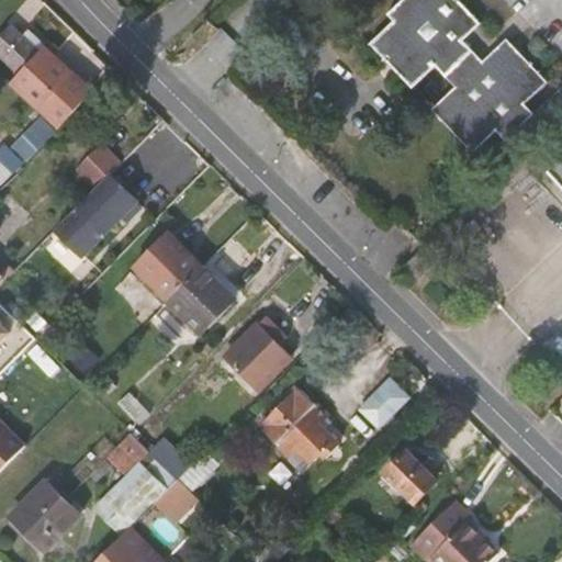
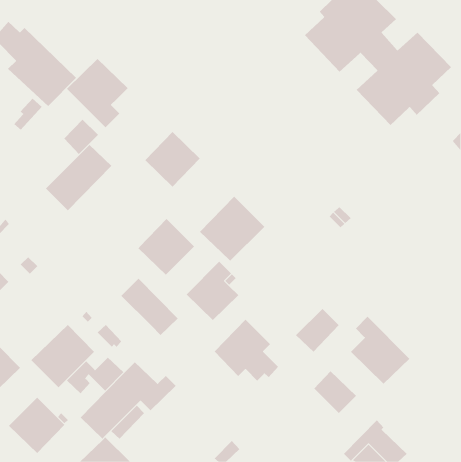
building: none -> [66,58,128,128]
building: [134,232,202,300] -> [145,131,201,187]
building: none -> [199,196,265,262]
building: none -> [121,278,179,336]
building: none -> [350,316,410,384]
building: none -> [31,324,95,388]

